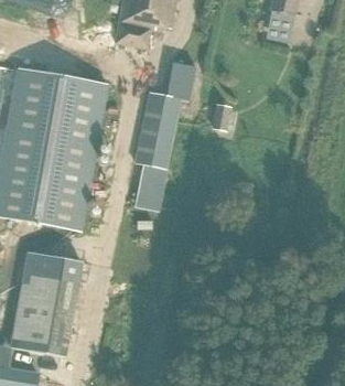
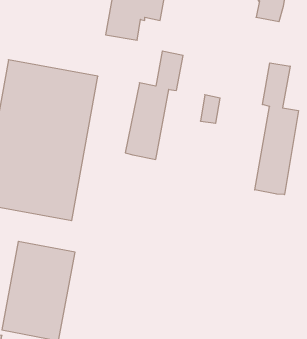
building: none -> [255,63,298,195]
building: [133,163,165,210] -> none

